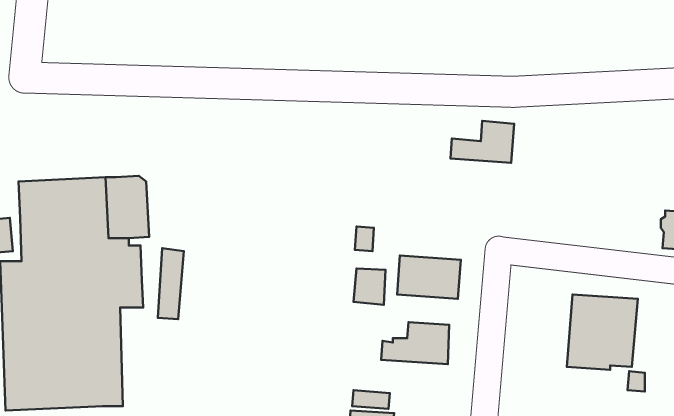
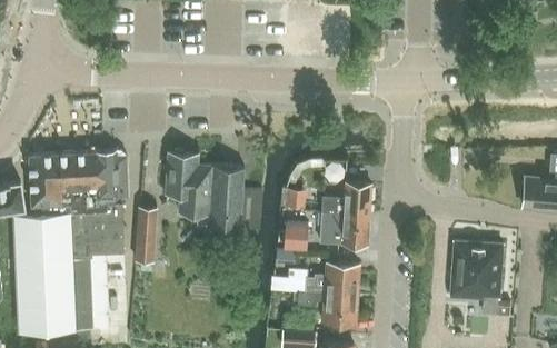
building: [450,121,514,163] -> [321,182,370,215]
building: none -> [163,152,261,230]
building: none -> [299,291,358,325]

